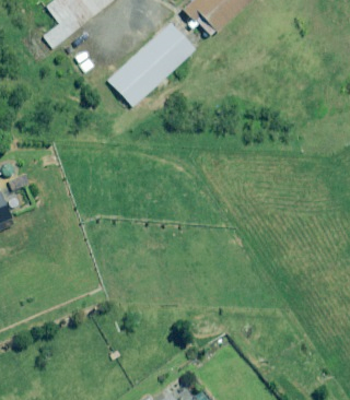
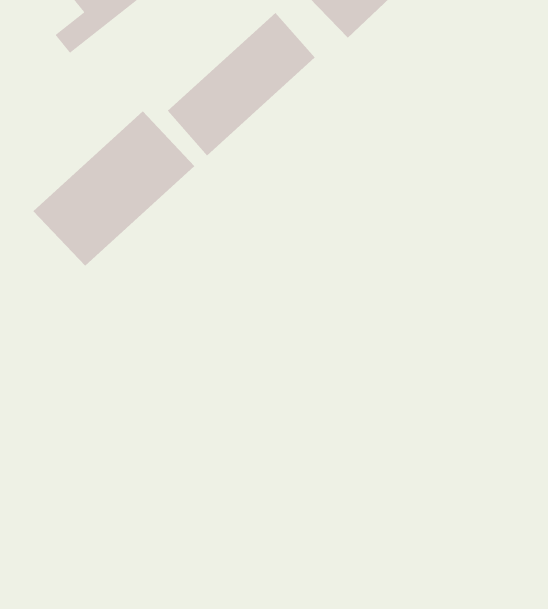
building: none -> [33,111,195,267]

